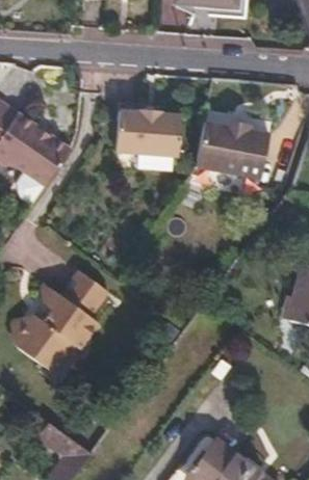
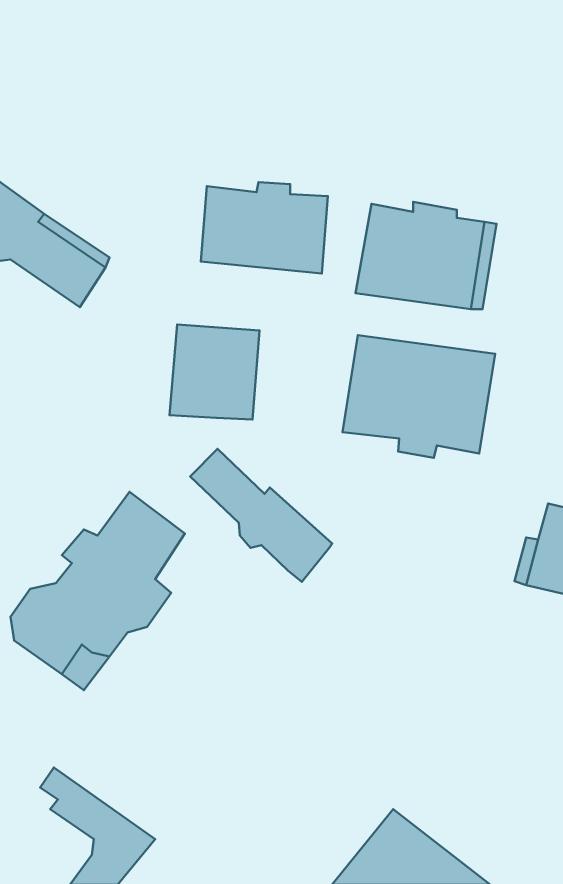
building: none -> [170,324,260,419]
building: none -> [343,335,495,458]
building: none -> [190,449,332,582]

